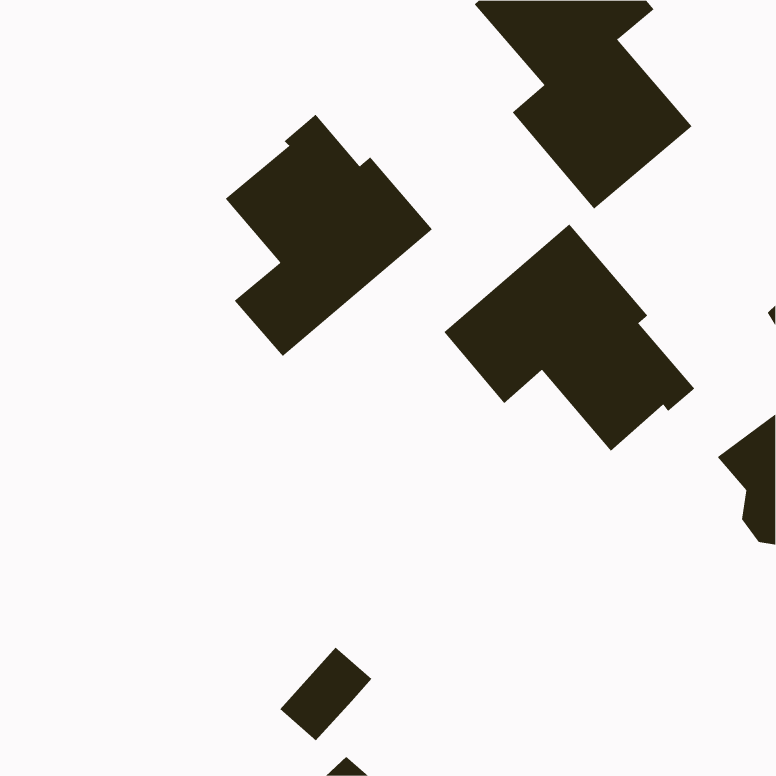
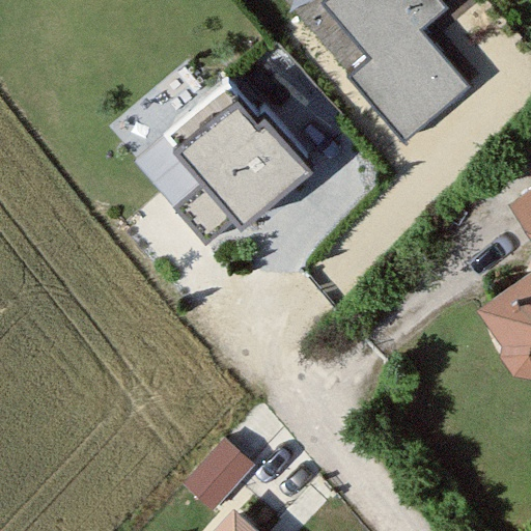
building: [443,223,695,452] -> none

